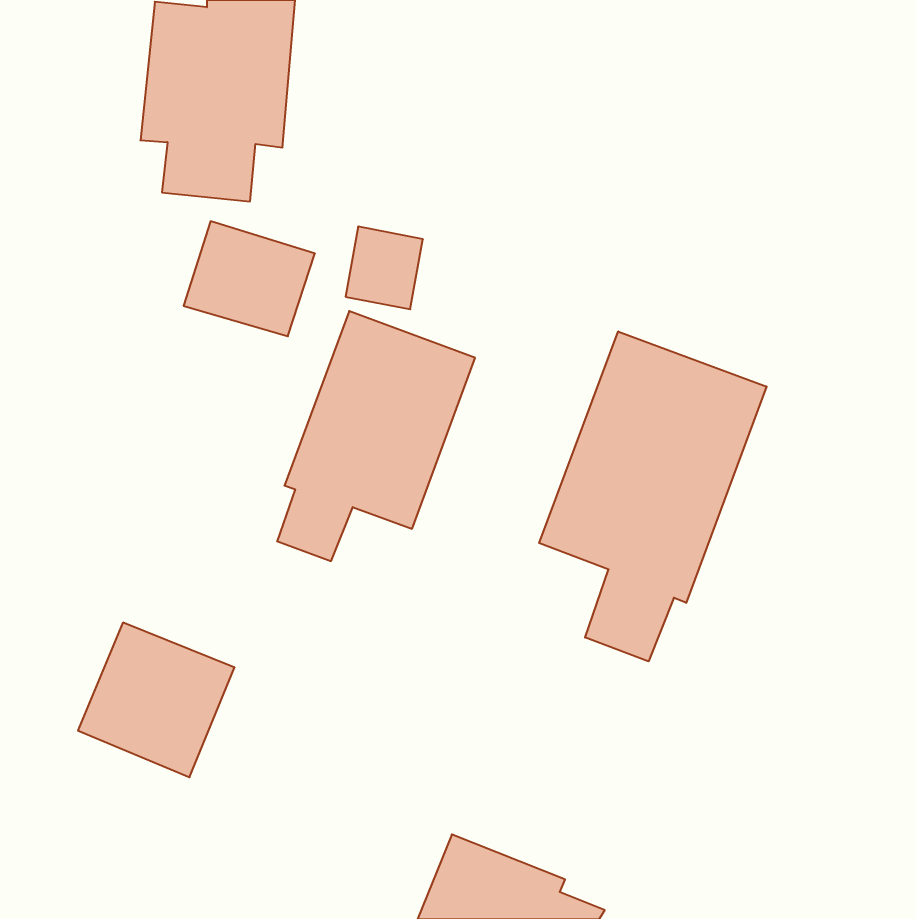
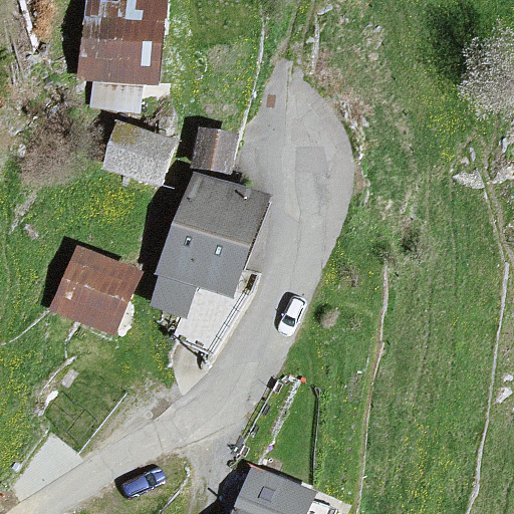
building: [539,331,767,661] -> none
building: [78,623,235,777] -> [50,247,138,333]

